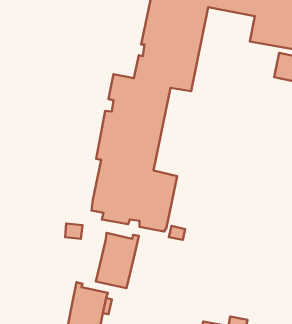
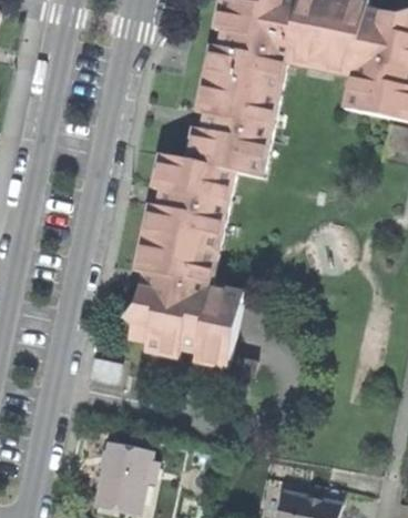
building: [96,233,139,288] -> none

